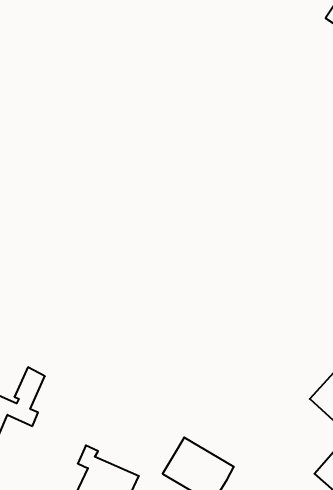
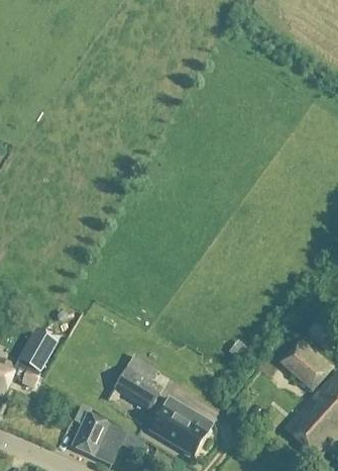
building: none -> [114,354,163,410]

